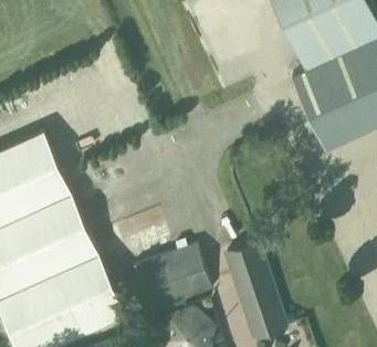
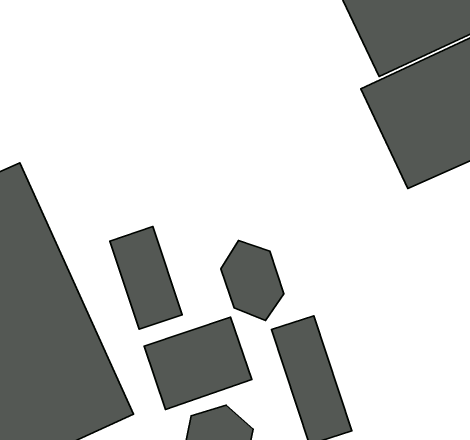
building: none -> [110,227,182,329]
building: none -> [221,241,284,320]

